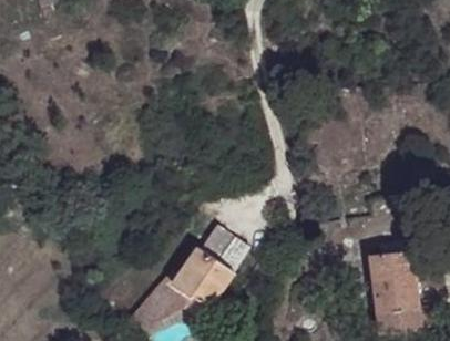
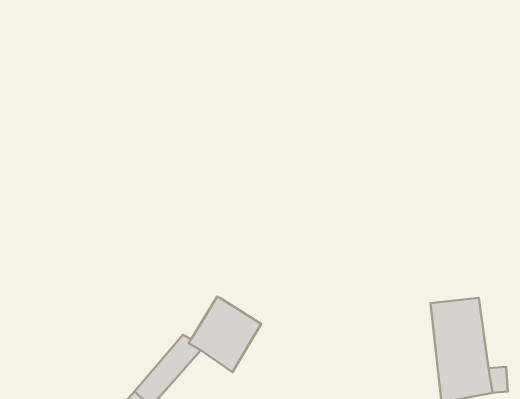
building: [200,225,248,270] -> none

